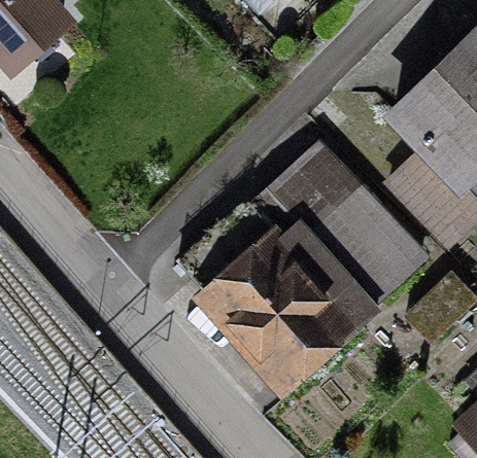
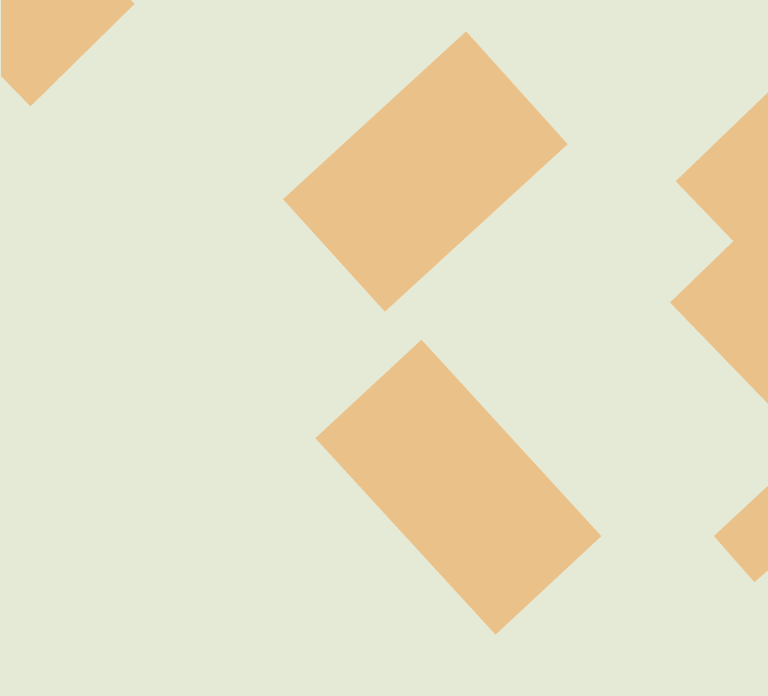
building: none -> [282,31,569,313]
building: [273,142,425,298] -> none

